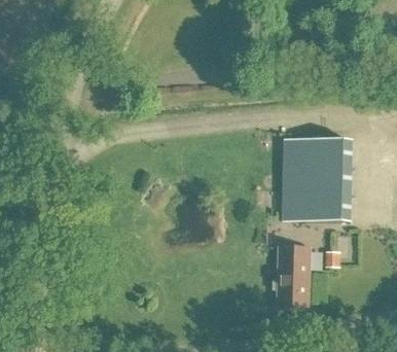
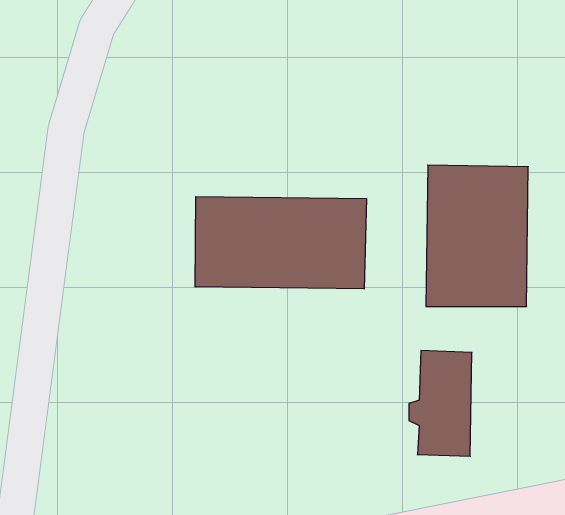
building: none -> [195,197,367,289]

